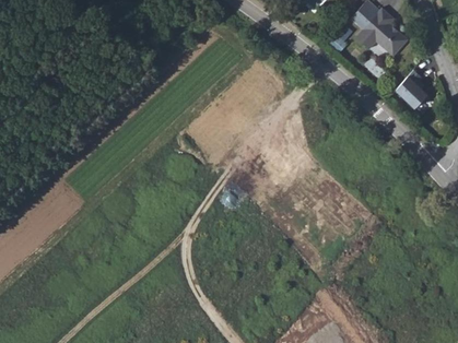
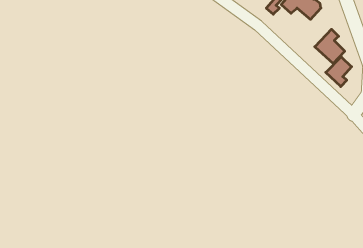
building: none -> [326,57,352,87]

